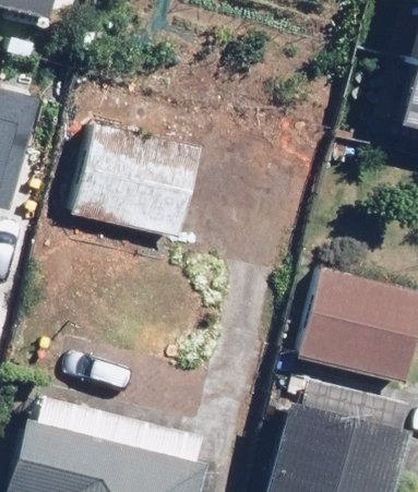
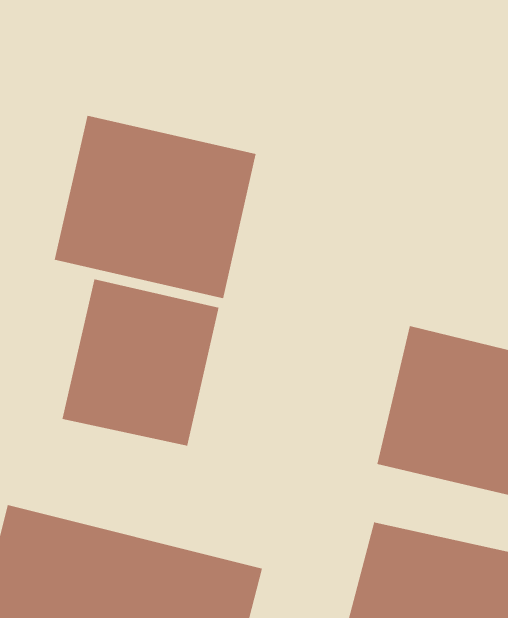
building: none -> [62,278,219,447]

